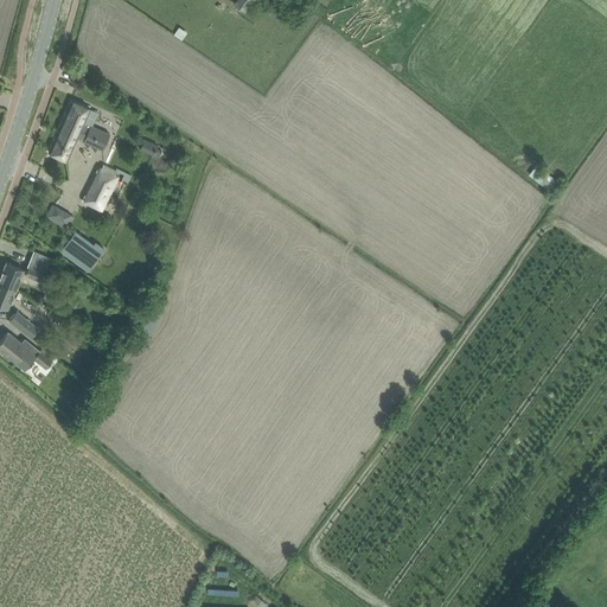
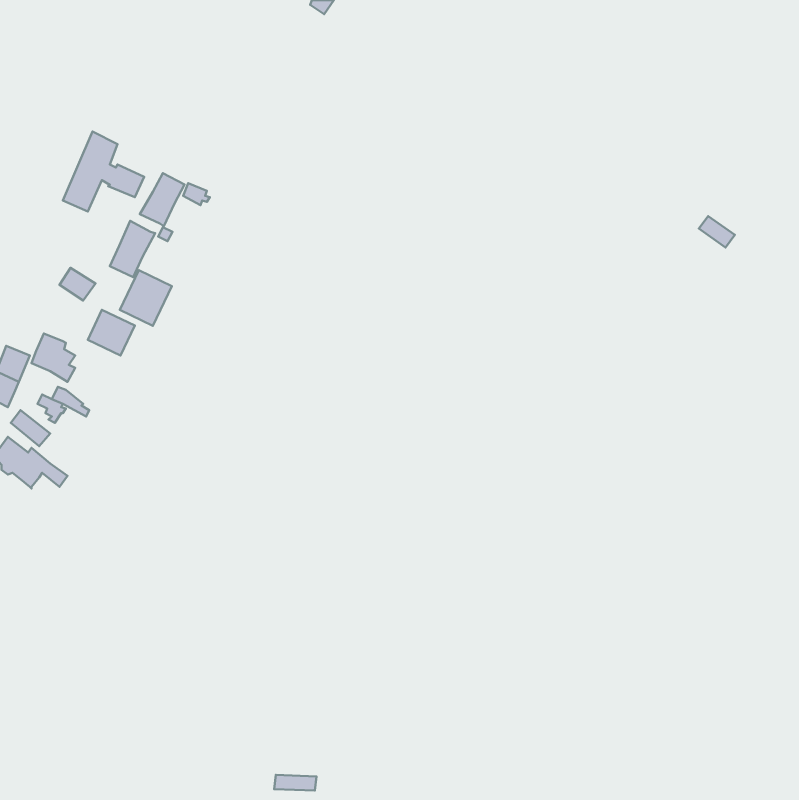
building: none -> [140,173,185,226]
building: none -> [120,270,172,326]

